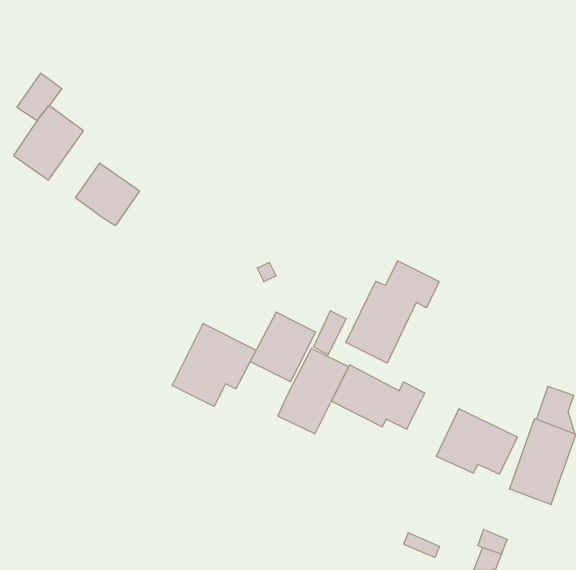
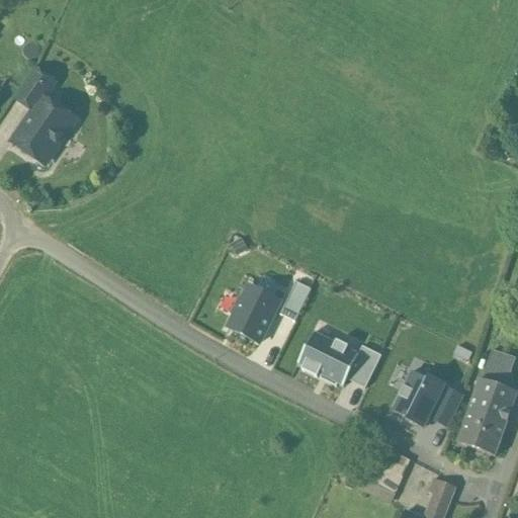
building: [76,163,139,226] -> none
building: [346,261,439,363] -> none
building: [172,323,256,406] -> none
building: [278,348,349,434] -> none

